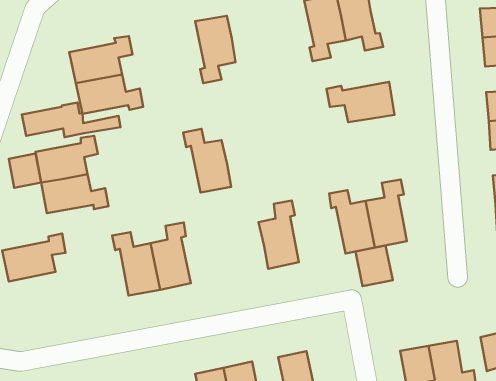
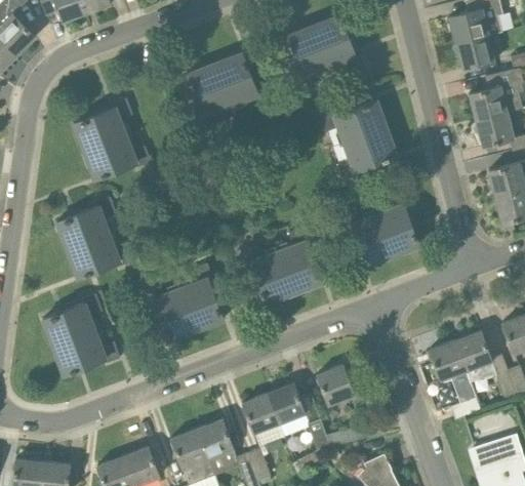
building: none -> [214,53,267,112]
building: [22,102,121,137] -> none
building: none -> [336,129,397,180]
building: [183,129,231,193] -> [240,244,293,303]
building: [9,153,41,188] -> none
building: [355,246,393,286] -> none
building: none -> [53,330,120,374]

